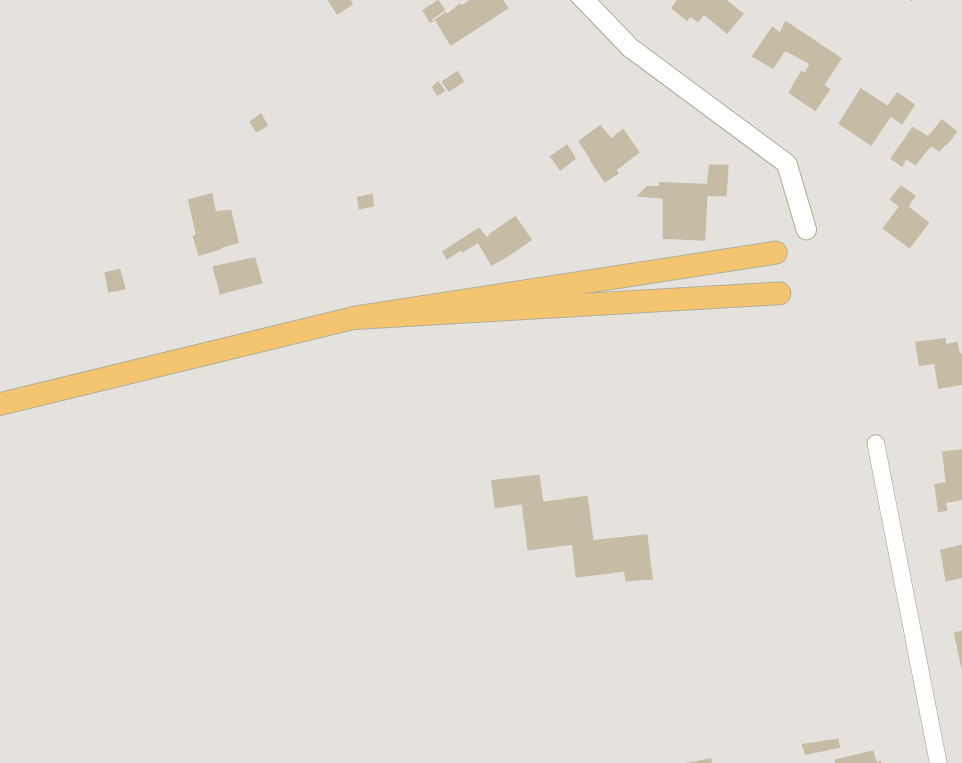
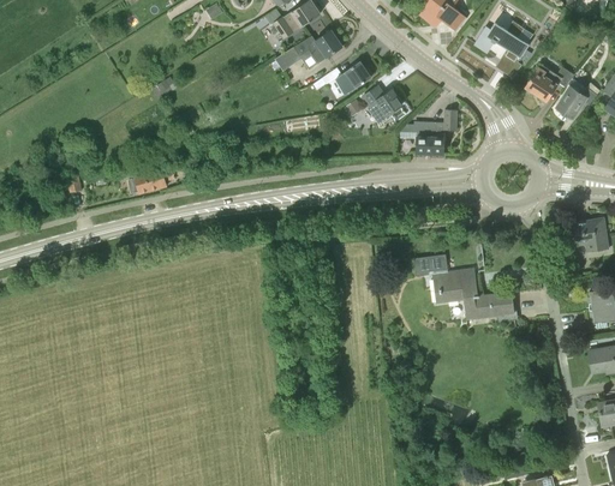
building: none -> [294,30,342,64]
building: [882,184,931,250] -> none
building: [187,192,240,257] -> none
building: [441,215,533,267] -> [314,61,371,94]
building: [490,474,654,582] -> [413,254,515,322]

